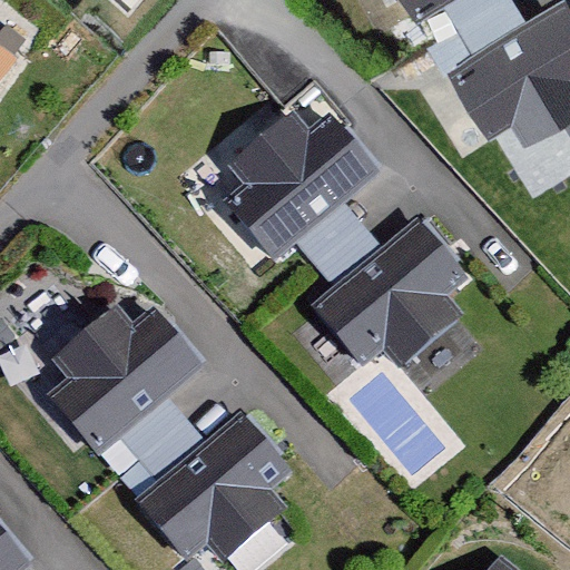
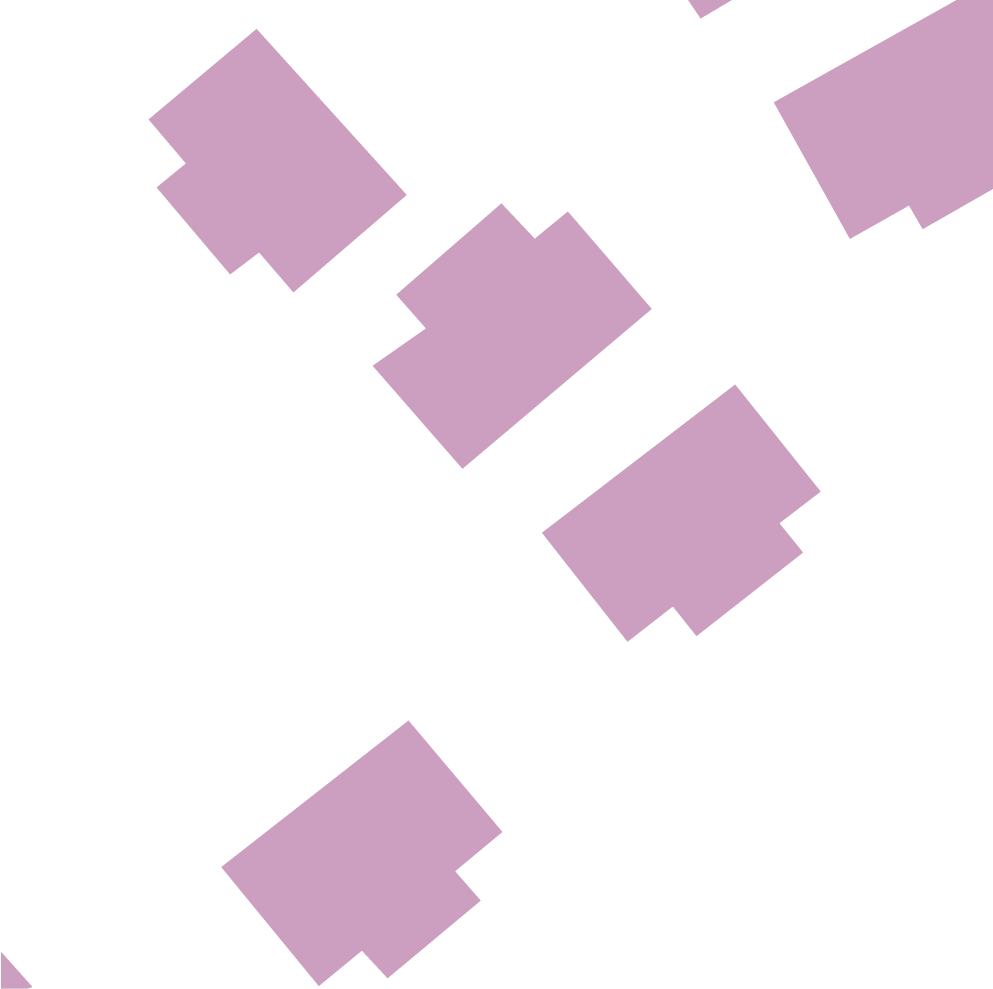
building: none -> [147,28,408,293]
building: [41,307,202,455] -> none

